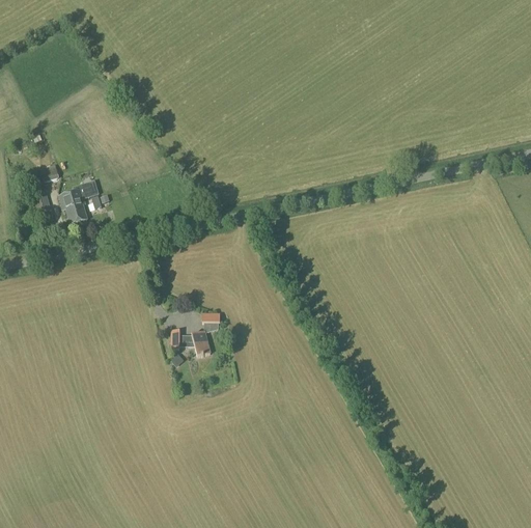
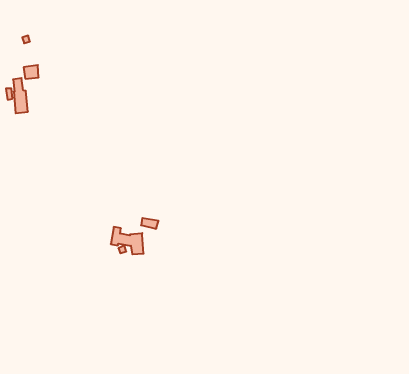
building: [59,187,88,222] -> none

